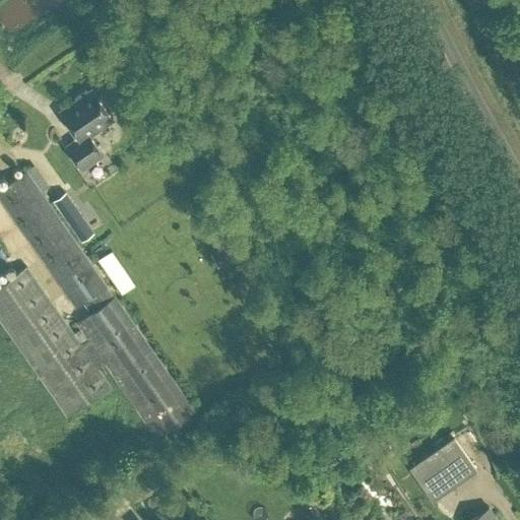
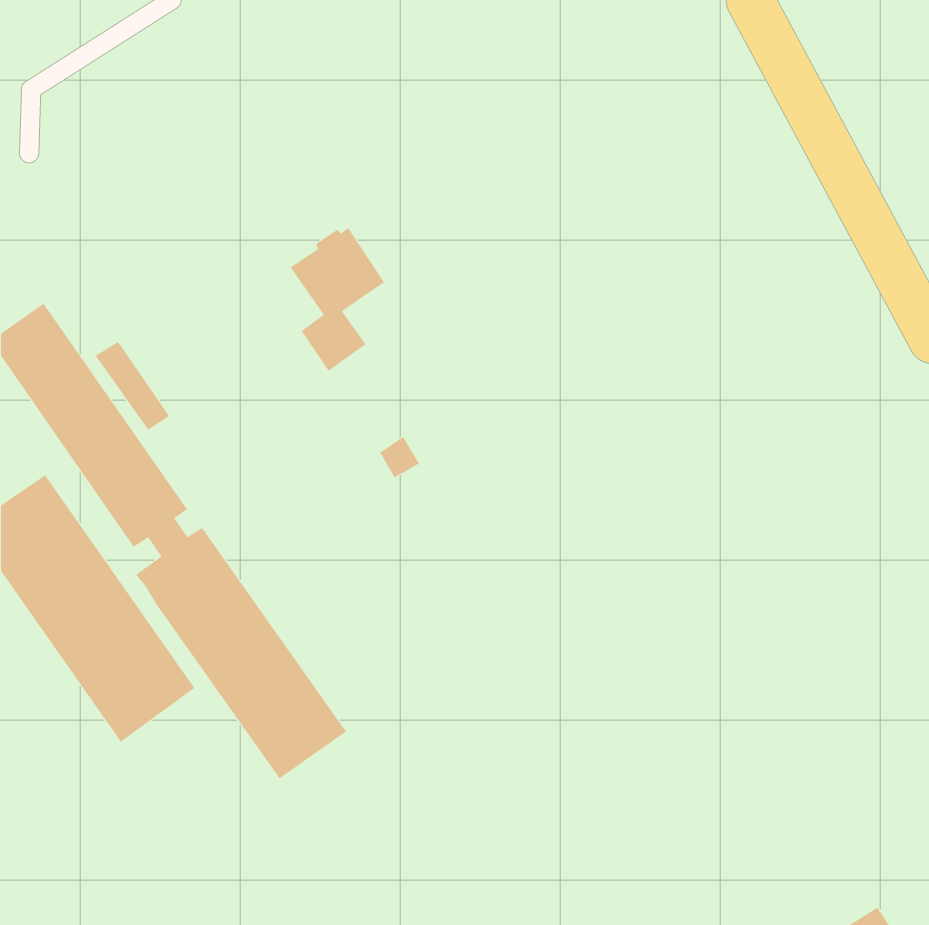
building: [61,91,114,172] -> [290,227,385,371]
building: [410,433,481,503] -> none

